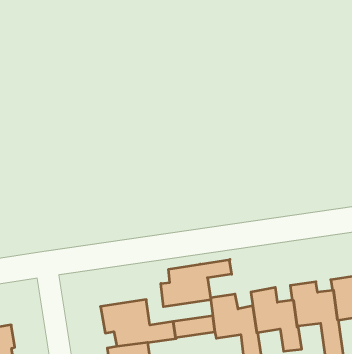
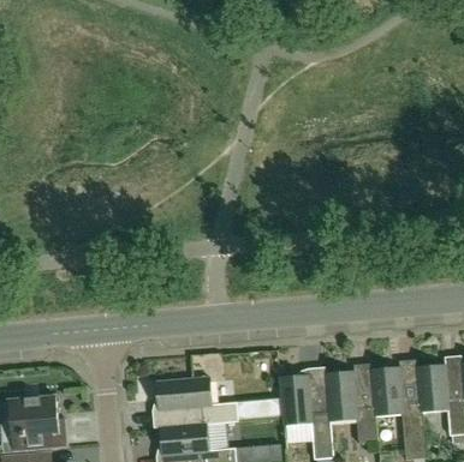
building: [161,259,232,307] -> none

